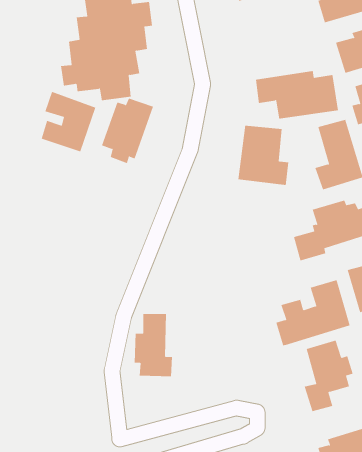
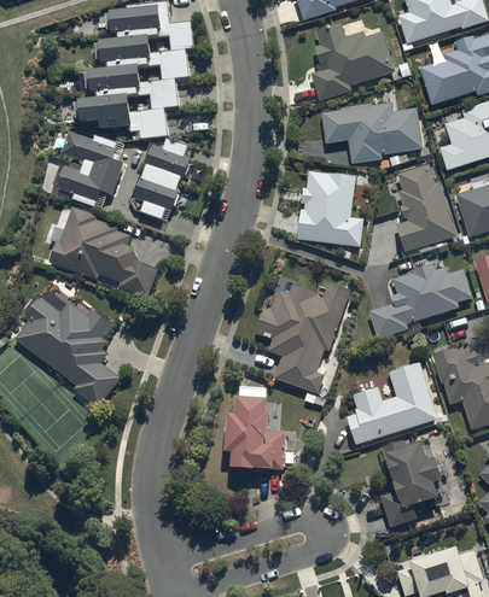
building: none -> [309,22,396,98]
building: none -> [50,206,158,295]
building: none -> [254,279,349,391]
building: none -> [10,288,120,405]
building: [134,314,173,377] -> [225,388,273,467]

